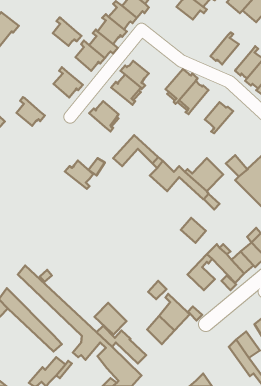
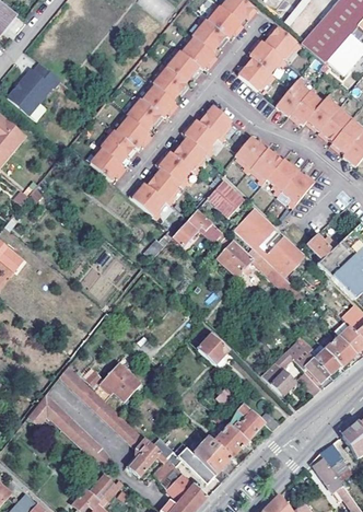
building: none -> [237,56,274,90]
building: [53,17,81,46] -> [118,115,152,149]
building: none -> [276,75,309,115]
building: none -> [305,93,339,130]
building: none -> [197,106,232,141]
building: none -> [155,152,189,185]
building: none -> [267,156,302,195]
building: [16,97,45,126] -> [92,147,126,181]
building: none -> [208,178,245,217]
building: none -> [234,208,274,253]
building: [65,161,93,189] -> [129,183,163,217]
building: [181,218,206,243] -> [198,334,227,363]
building: none -> [99,361,142,400]
building: [95,303,127,335] -> [192,437,231,475]

